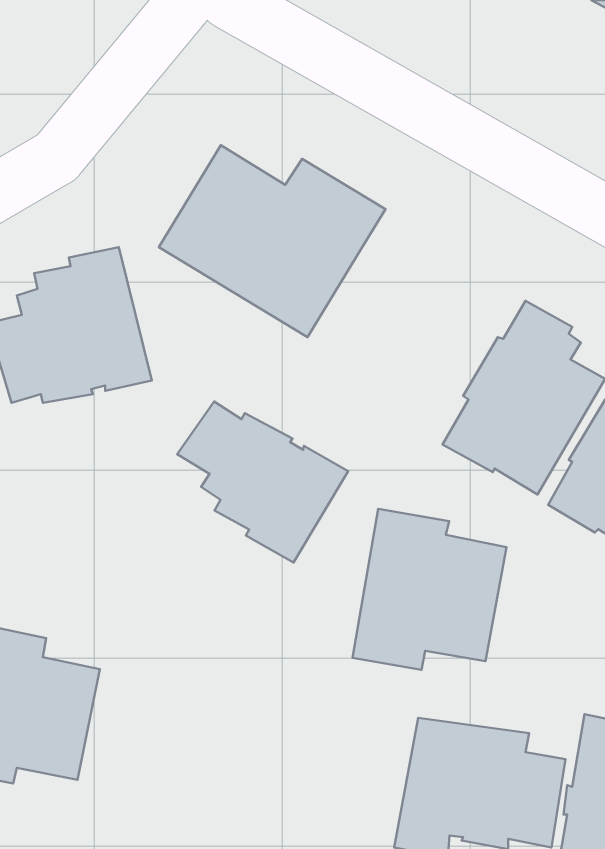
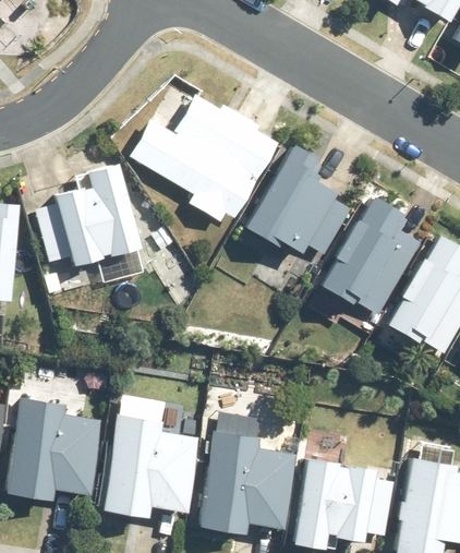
building: none -> [244,143,353,257]
building: [177,402,348,562] -> none
building: [352,509,506,670] -> [199,432,296,533]
building: none -> [101,413,198,516]

